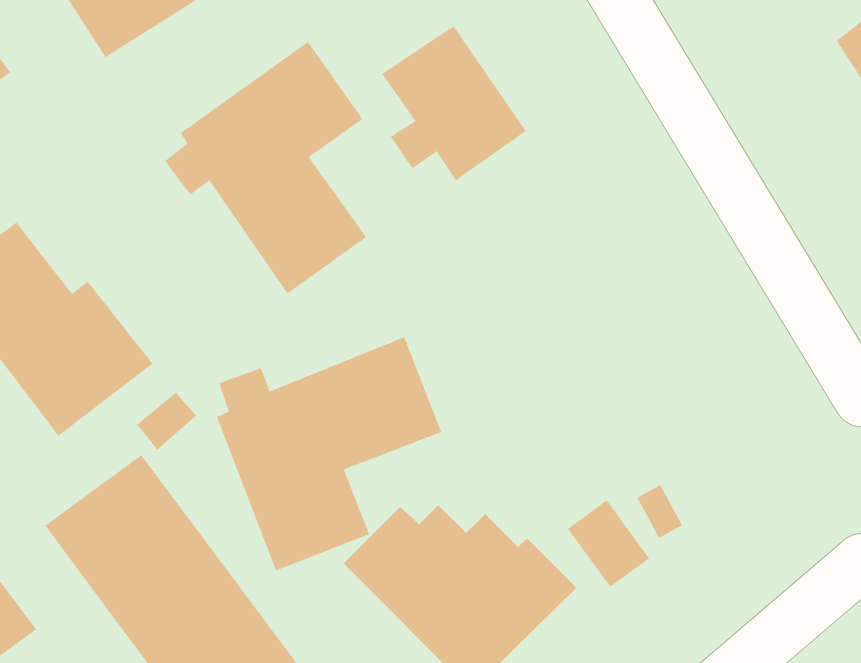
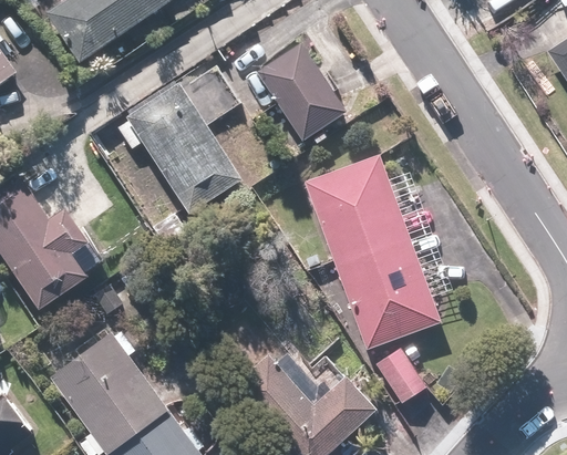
building: none -> [300,152,442,349]
building: [216,336,442,571] -> none

